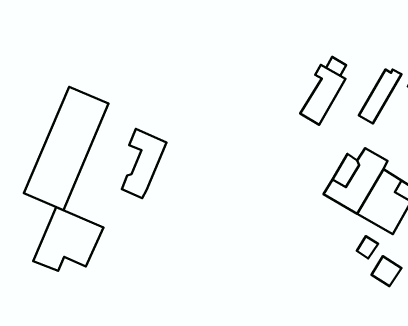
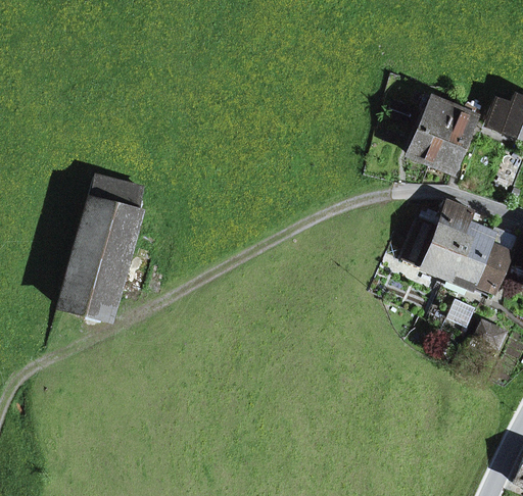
building: [300,65,346,125] -> [410,96,457,165]
building: [122,129,167,198] -> none
building: [33,207,104,271] -> none

